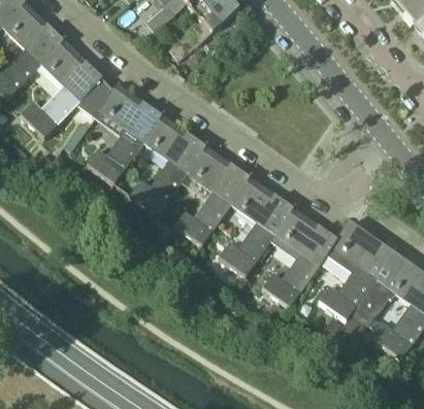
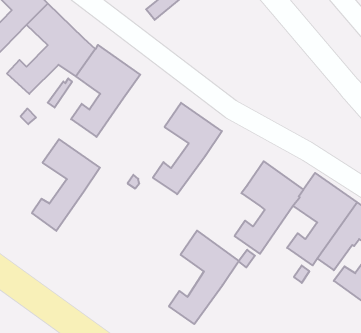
building: [134,116,206,213] -> [32,139,100,231]
building: [220,176,294,275] -> [169,231,239,324]

